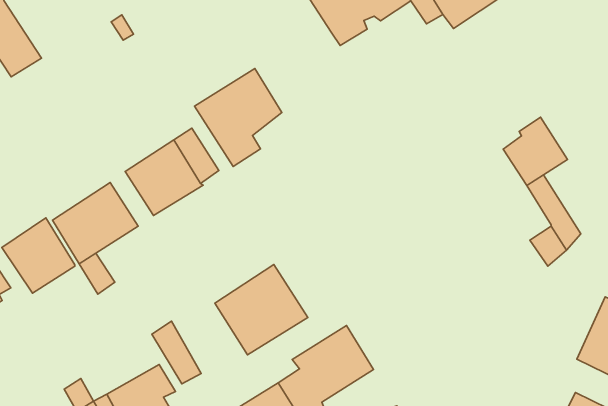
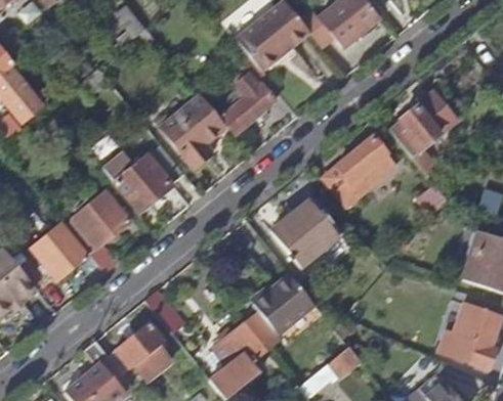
building: none -> [220,62,276,135]
building: none -> [414,92,455,134]
building: none -> [322,137,395,208]
building: [215,264,308,355] -> [270,198,340,267]

